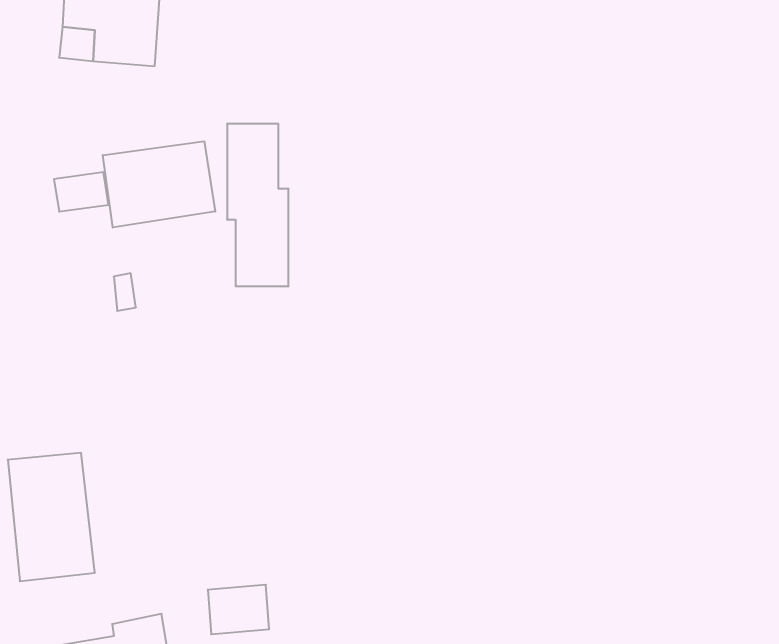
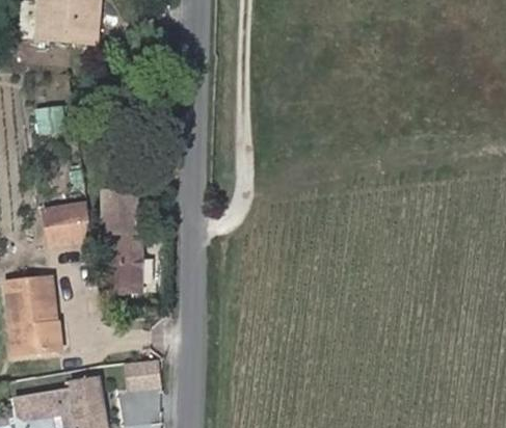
building: [227,124,289,286] -> [105,193,142,292]
building: [103,141,215,228] -> none
building: none -> [45,204,91,244]

